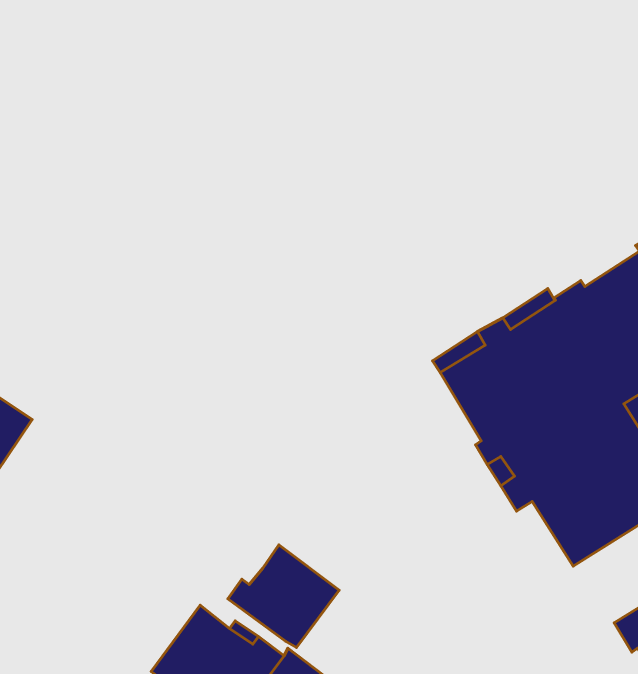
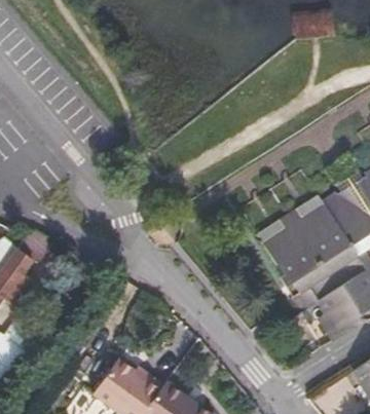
building: [228,545,339,647] -> none

